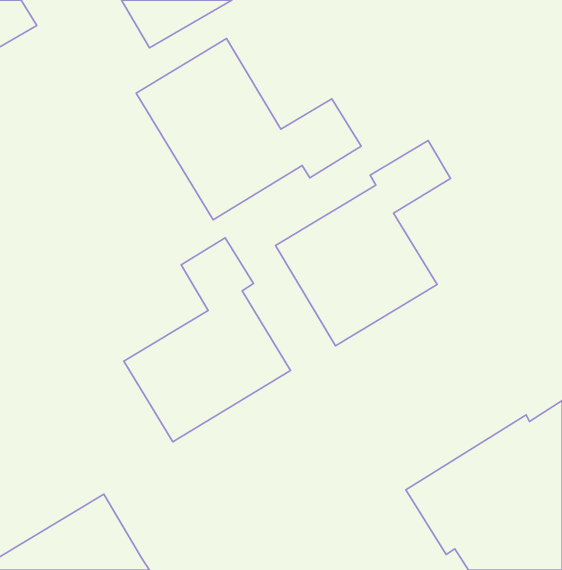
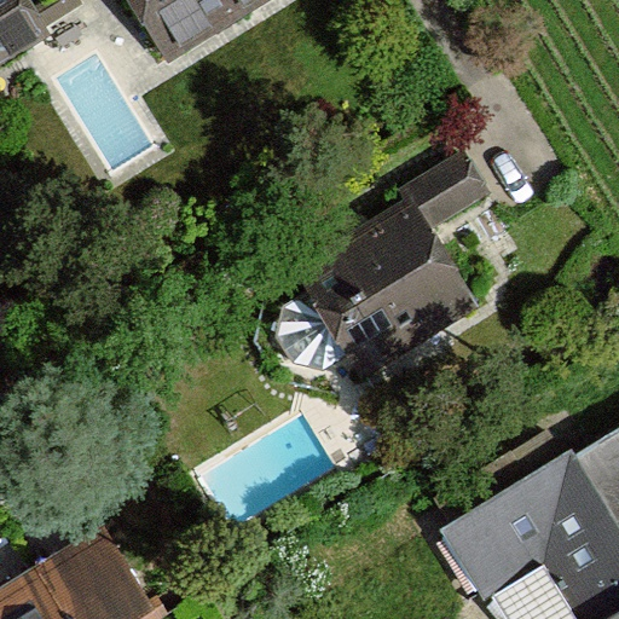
building: [136,38,361,220] -> none
building: [124,238,291,442] -> none

